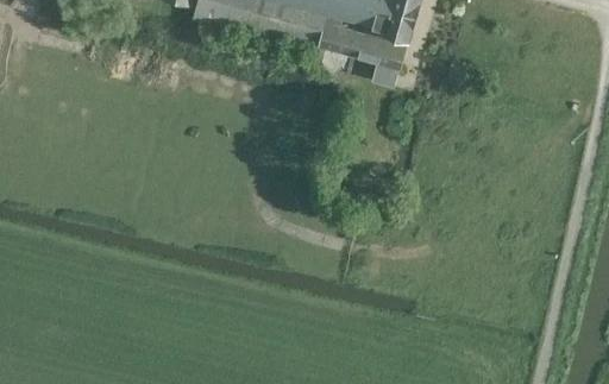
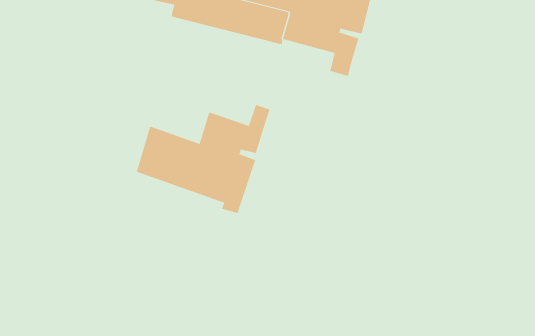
building: none -> [136,104,270,214]

